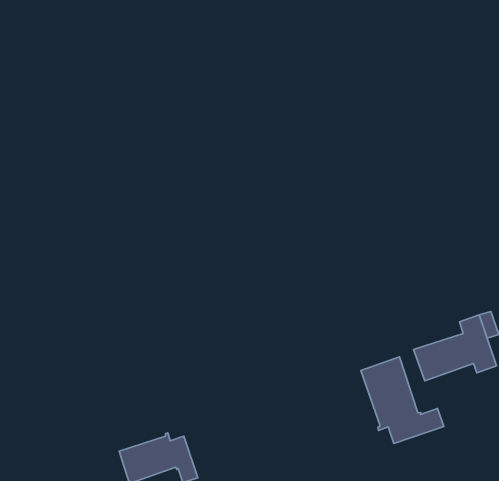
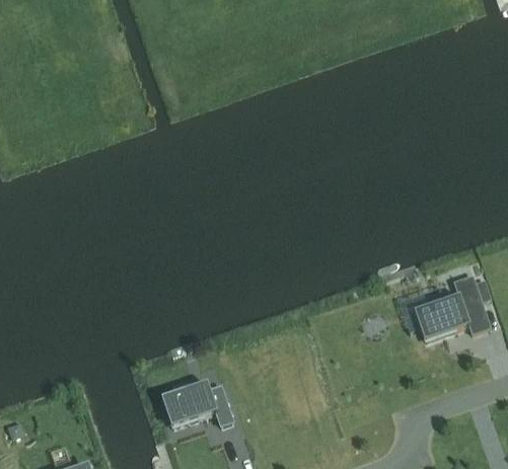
building: [361,357,444,444] -> none

